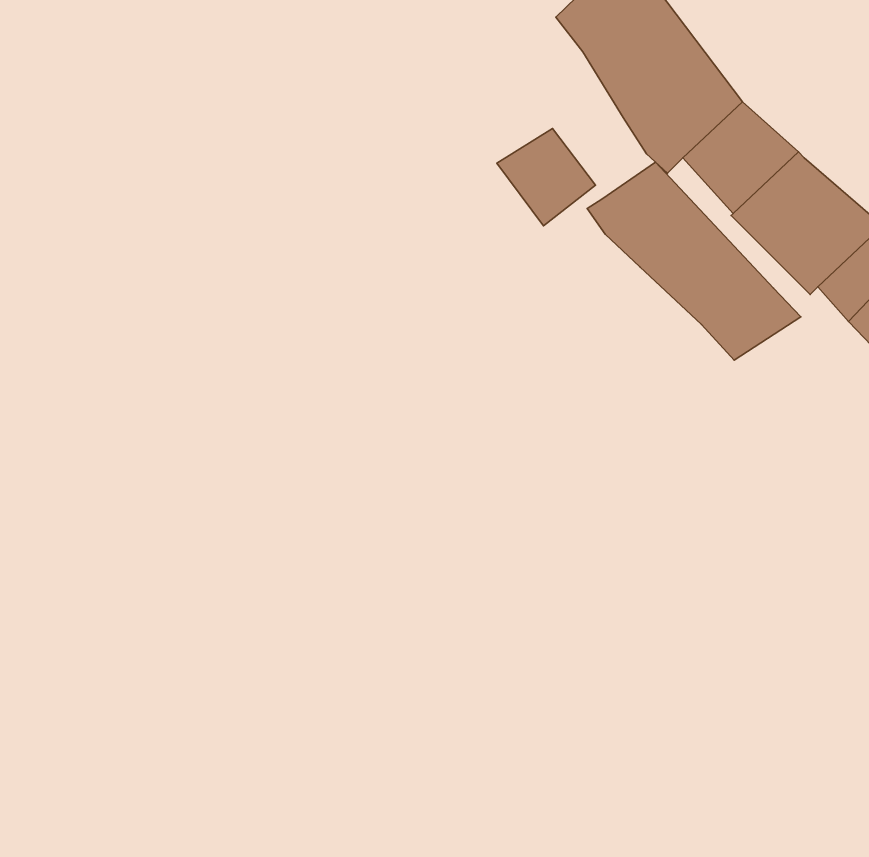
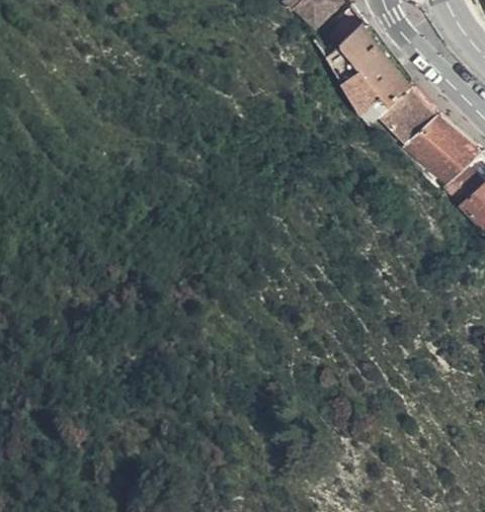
building: [497,128,595,226] -> none
building: [587,162,801,360] -> none

